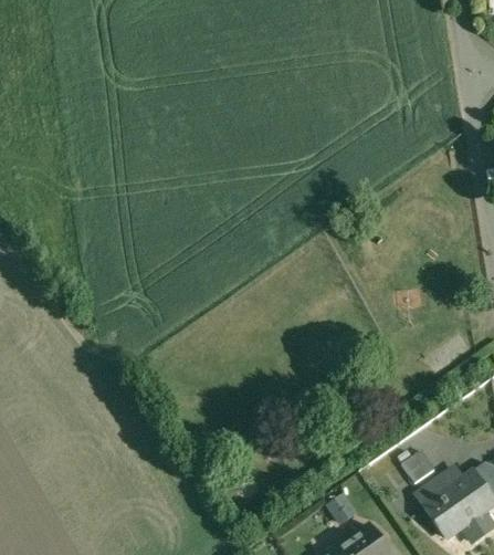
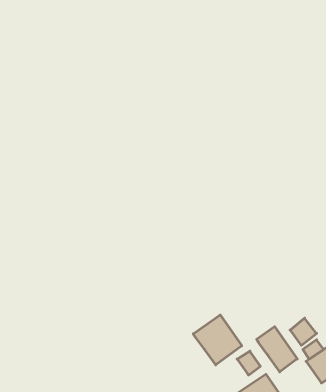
building: none -> [193,315,242,365]
building: none -> [257,327,297,372]

